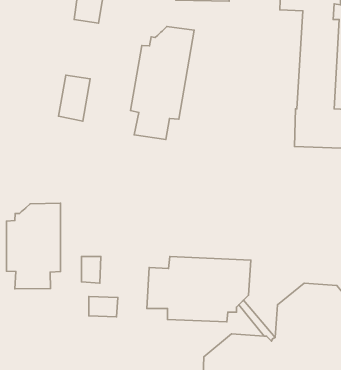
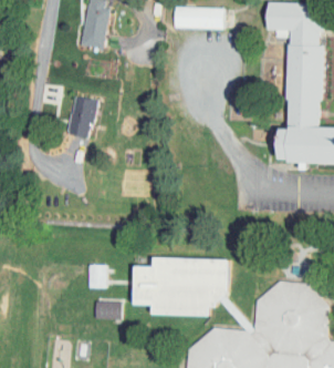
building: [130,27,194,140] -> none
building: [6,203,61,289] -> none

